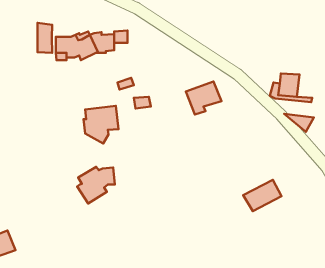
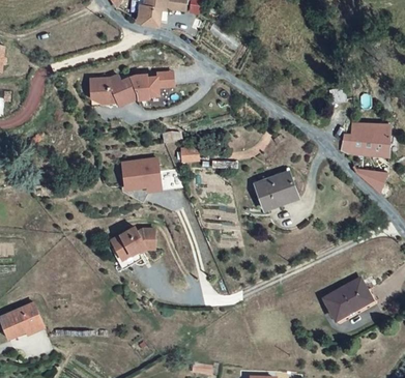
building: [37,23,52,53] -> none
building: none -> [369,123,388,150]
building: [186,81,222,115] -> [256,171,297,209]
building: [243,180,282,211] -> [327,281,372,317]

